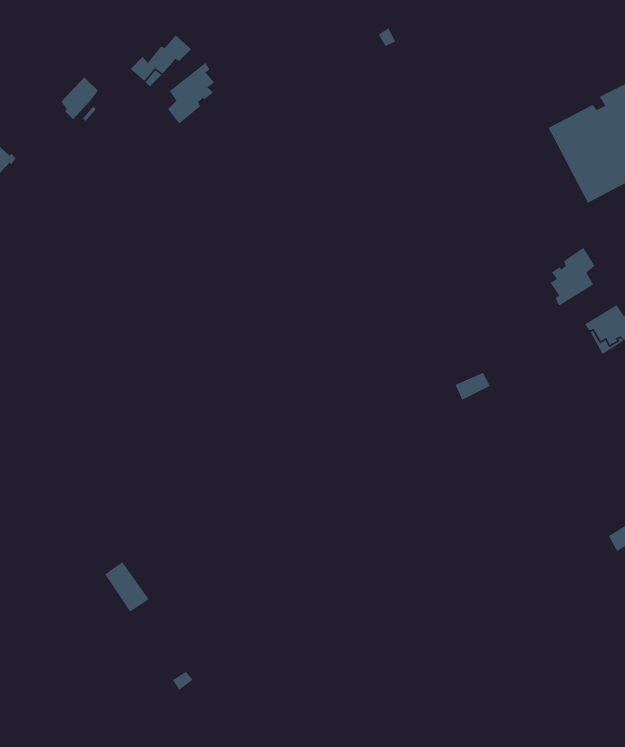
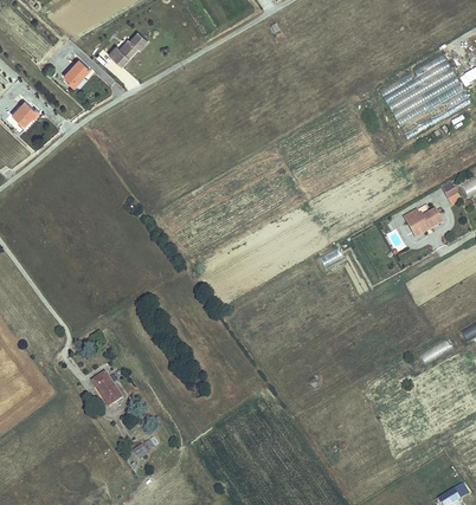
building: [167,62,215,124] -> none
building: [550,247,595,307] -> none

